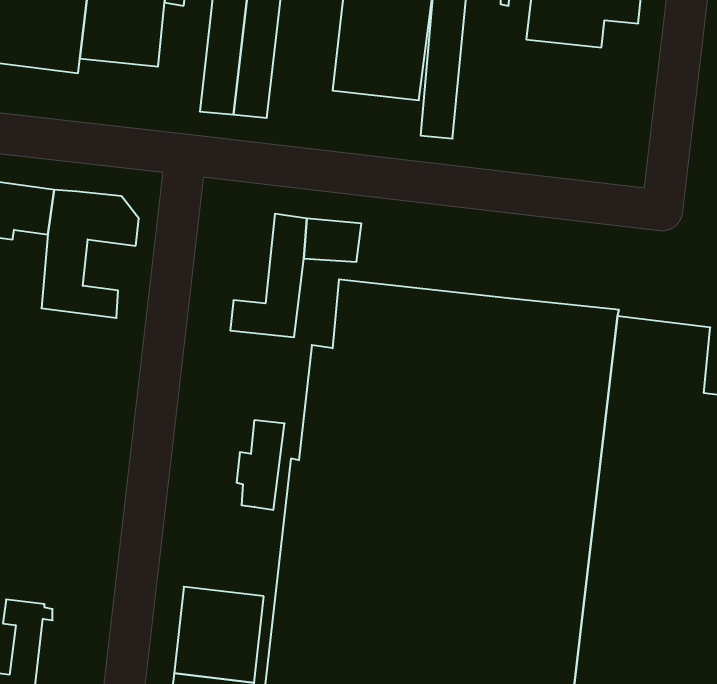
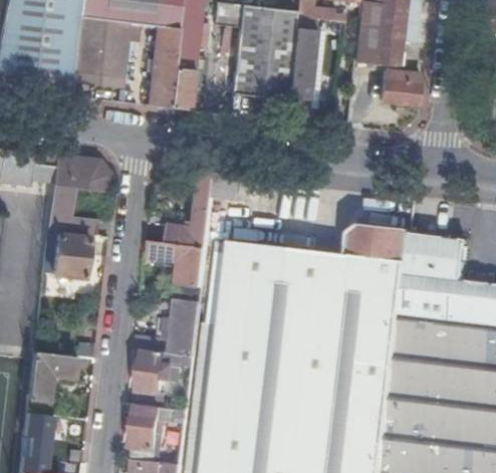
building: none -> [383,70,422,105]
building: none -> [55,234,89,277]
building: none -> [153,241,209,287]
building: none -> [30,351,77,401]
building: none -> [140,352,184,408]

